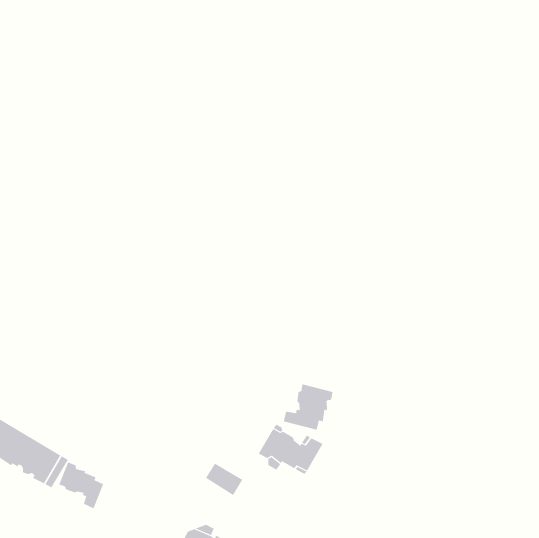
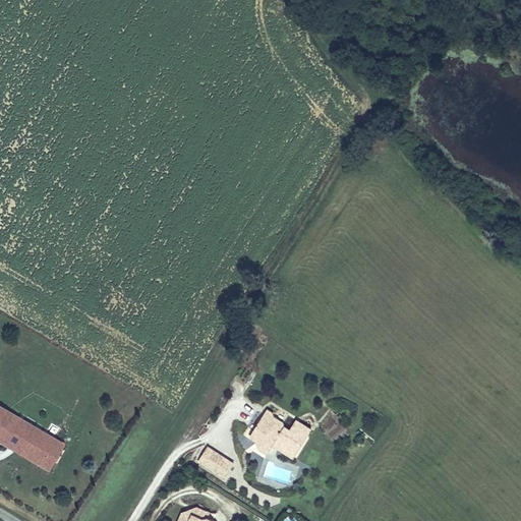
building: [283,384,333,431] -> none
building: [58,461,104,509] -> none

